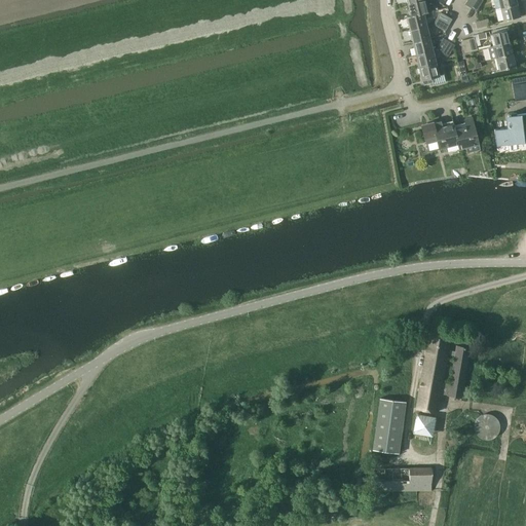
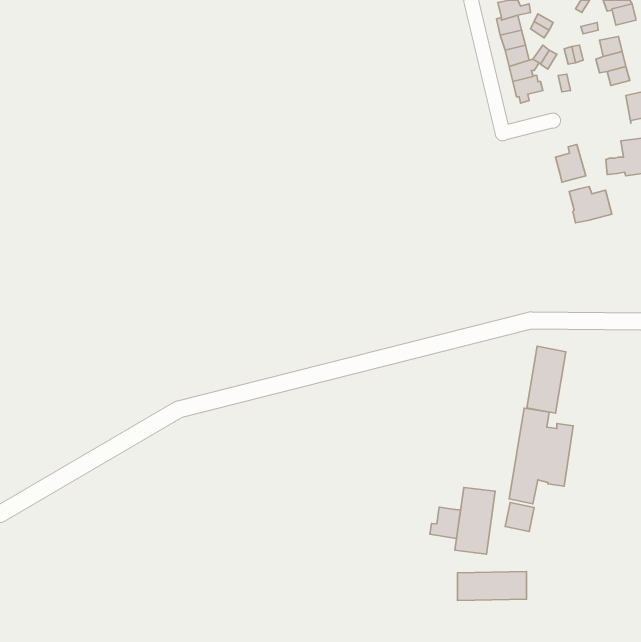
building: [424,121,459,151] -> [569,186,612,223]
building: none -> [527,346,566,413]
building: [479,413,500,435] -> none
building: none -> [430,507,461,539]

